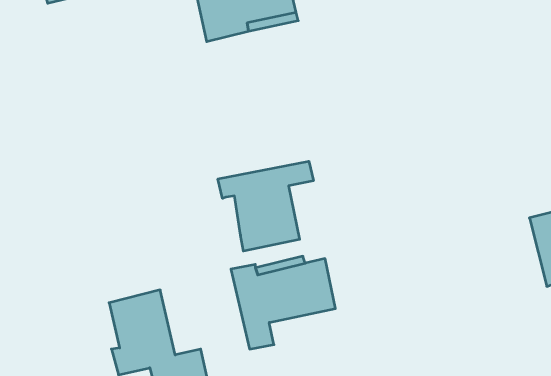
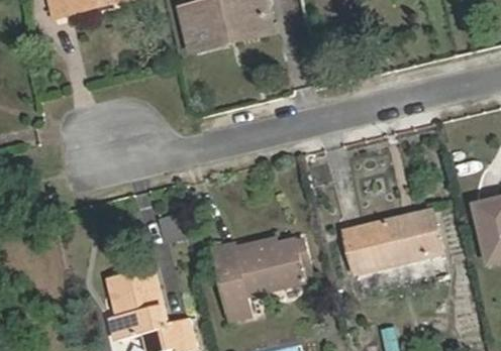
building: [218,161,313,251] -> none
building: none -> [342,210,442,273]

